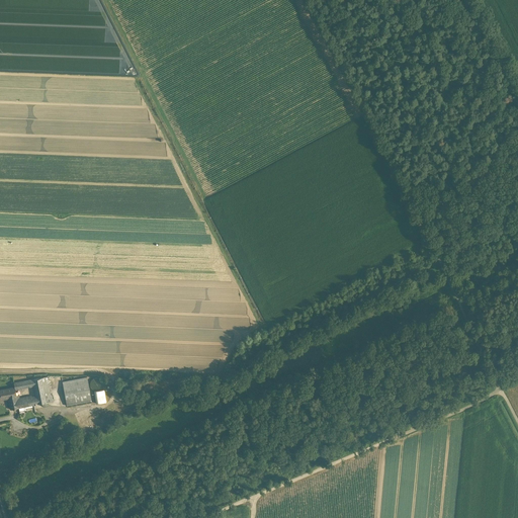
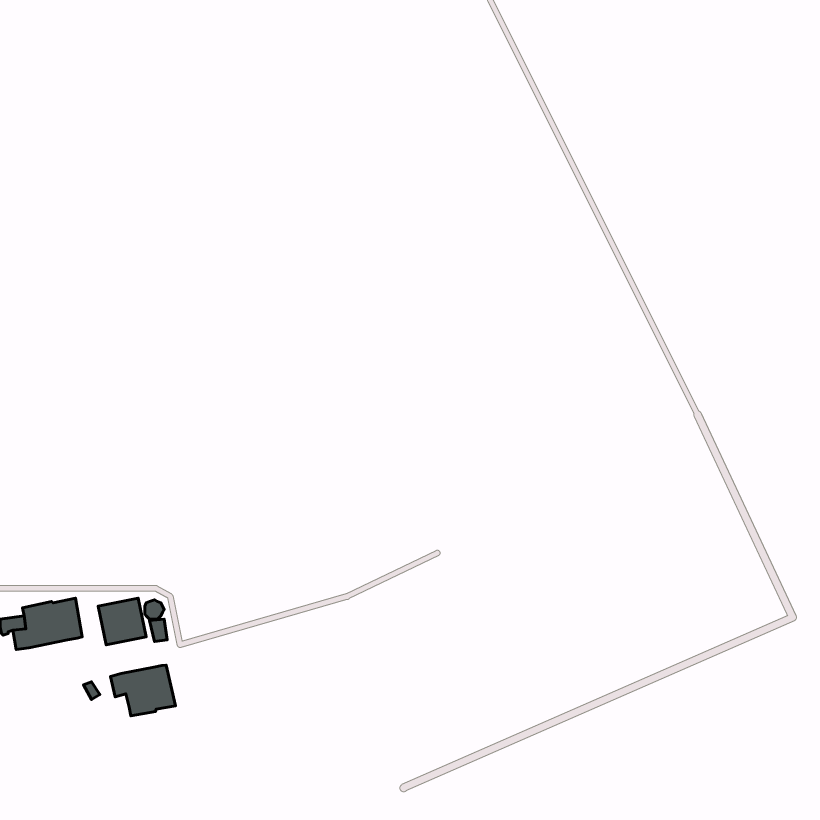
building: none -> [111,665,175,716]

